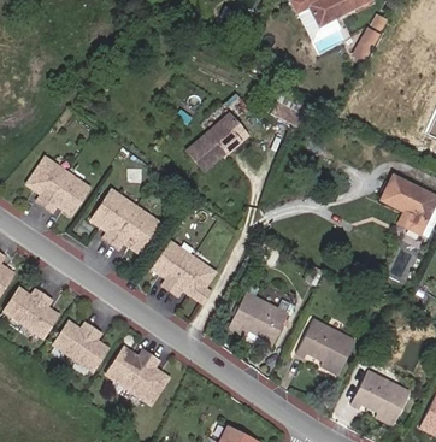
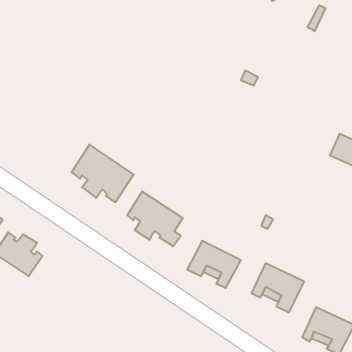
building: [189,114,249,169] -> none
building: [28,155,90,212] -> none
building: [54,319,110,369] -> none
building: [107,344,170,402] -> none

